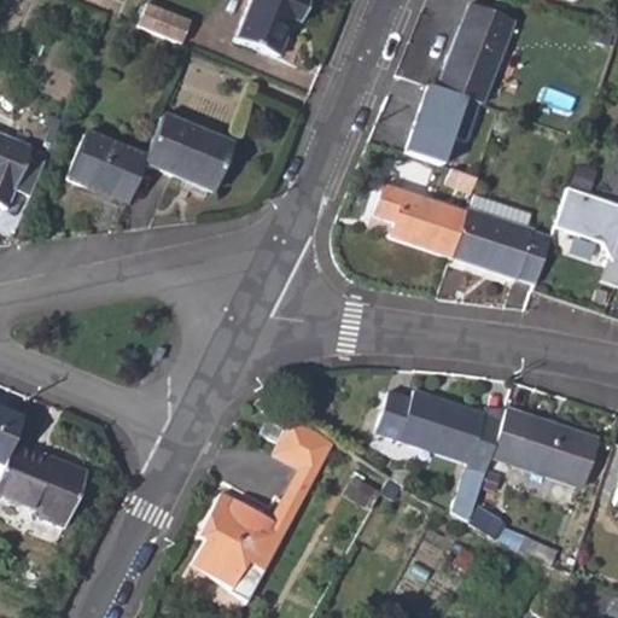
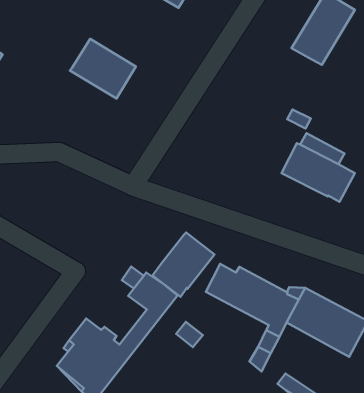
building: [406,82,467,163] -> none
building: [66,133,146,203] -> none
building: [375,183,465,255] -> none
building: none -> [153,233,214,297]

